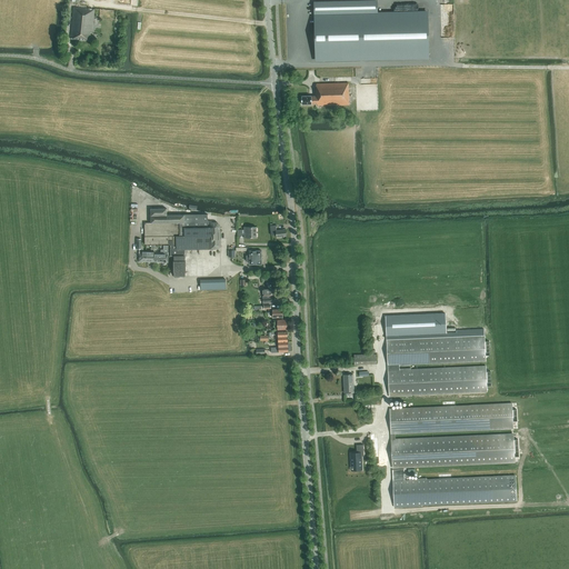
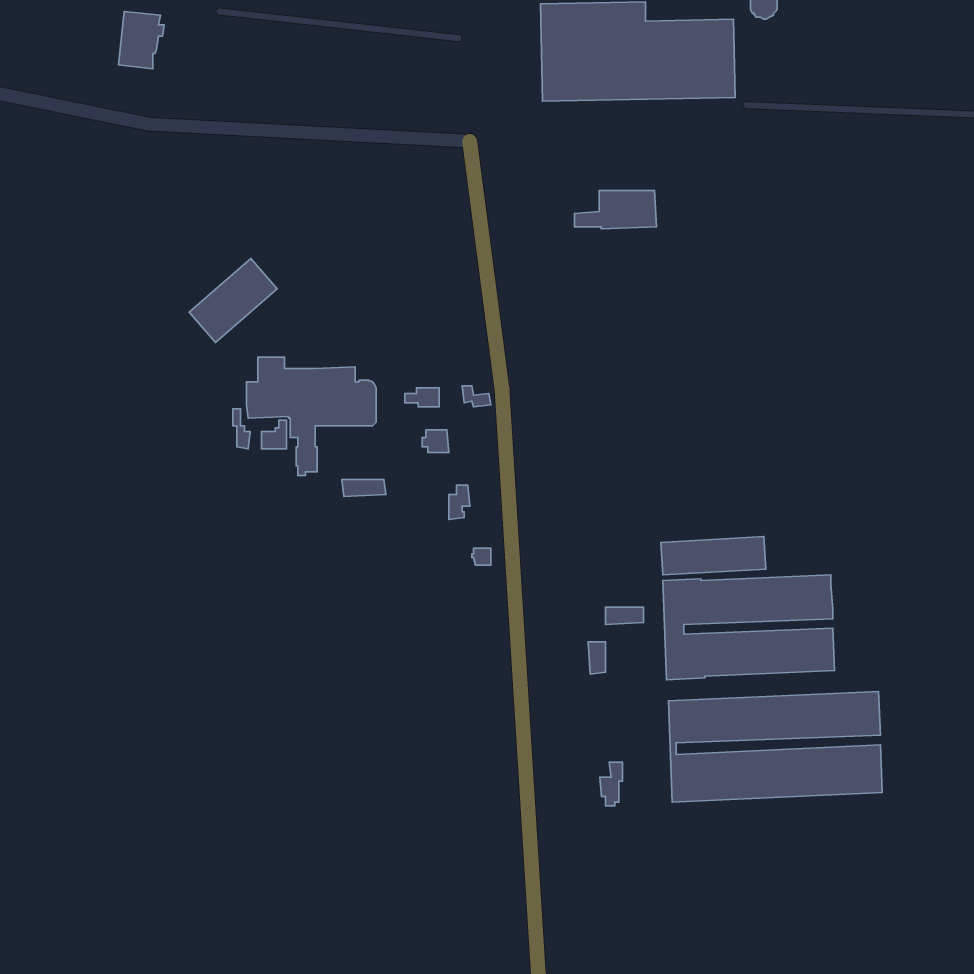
building: [300,82,348,104] -> [574,191,657,229]
building: none -> [189,258,277,343]
building: [391,469,515,506] -> none

